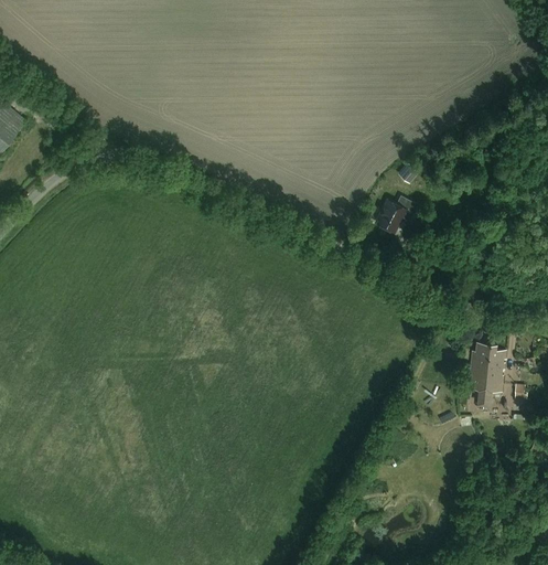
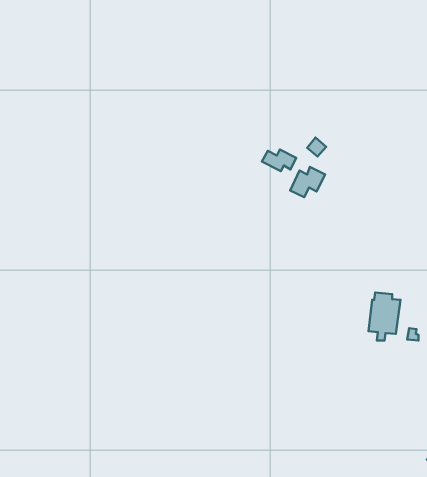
building: none -> [262,150,296,171]

